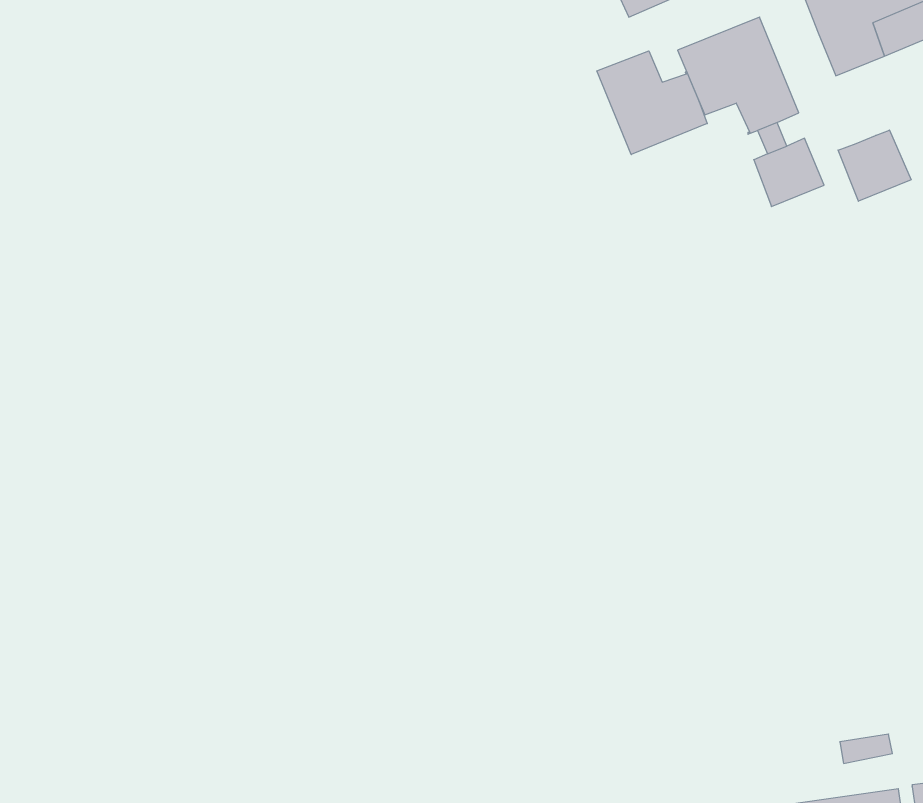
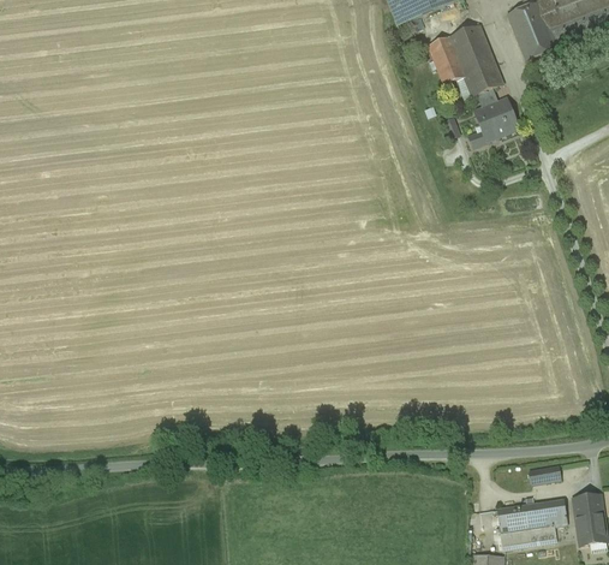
building: [597,51,707,155] -> none
building: [838,130,911,201] -> none

